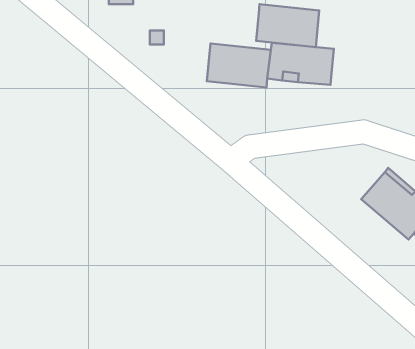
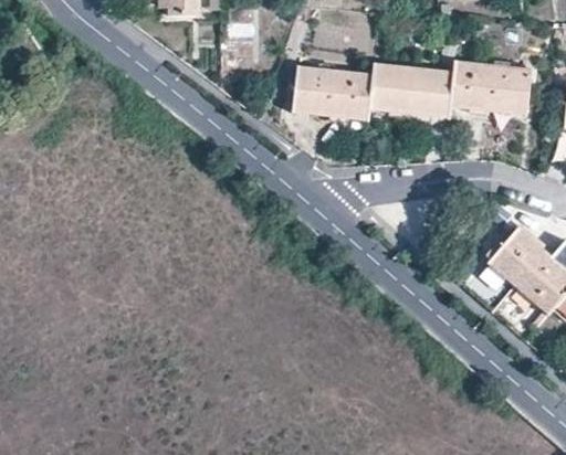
building: [256,4,319,47] -> [450,61,530,115]

